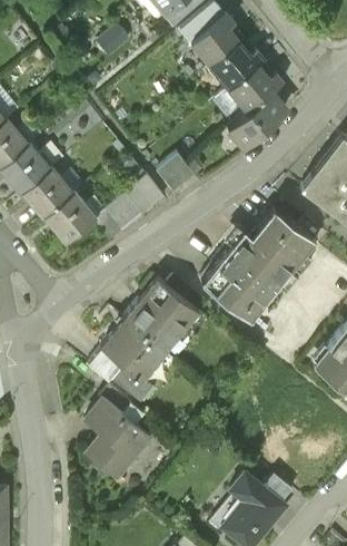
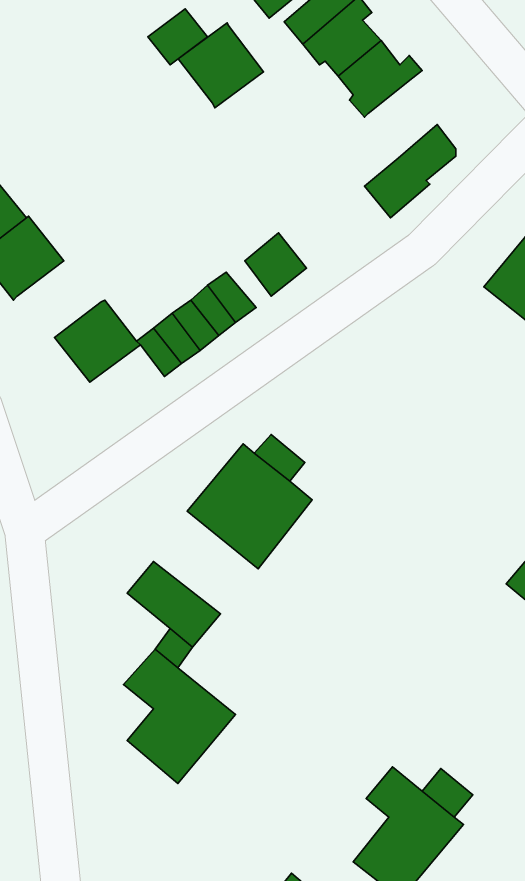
building: none -> [178,23,264,108]
building: [231,62,282,110] -> none
building: [22,169,72,220] -> none
building: [199,208,316,320] -> none
building: [102,321,166,382] -> none

